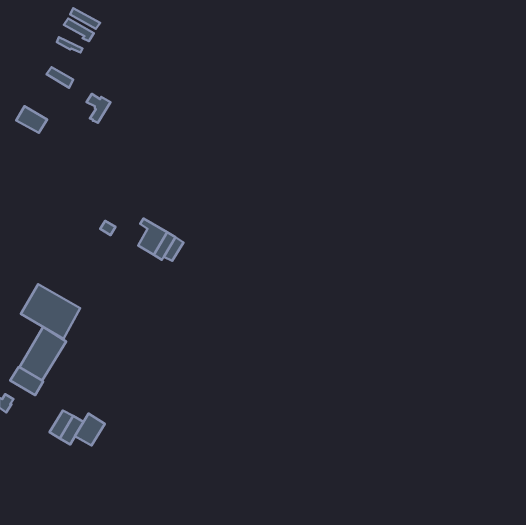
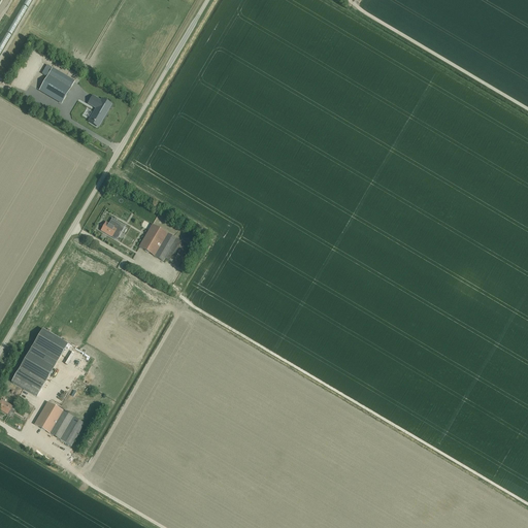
building: [16,106,47,133] -> [38,74,69,101]
building: [21,284,80,339] -> none
building: [75,414,105,446] -> [33,400,63,432]

